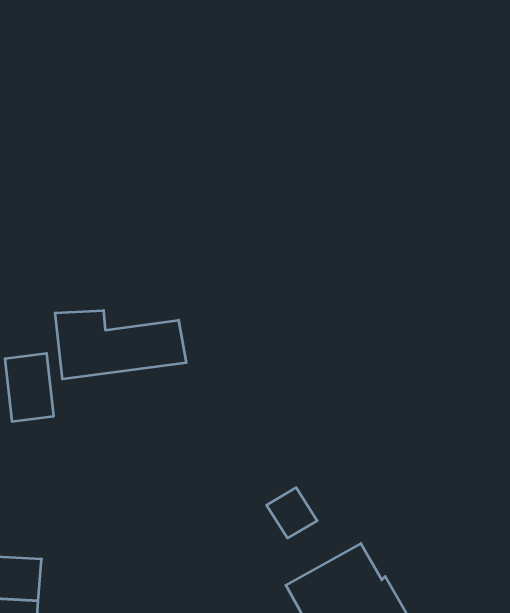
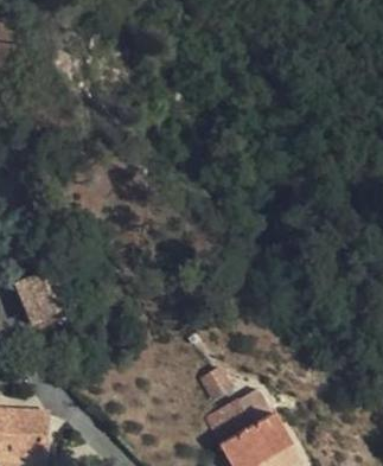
building: [55,310,186,379] -> none

